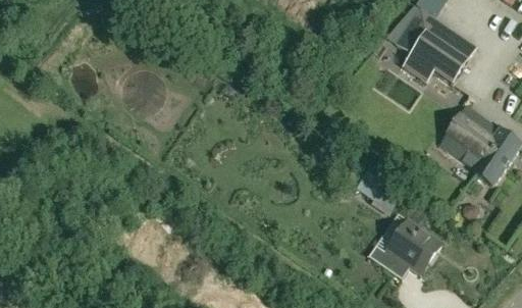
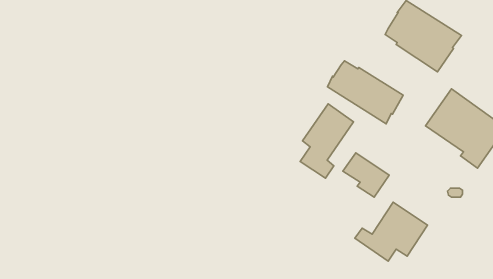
building: none -> [327,61,403,124]
building: none -> [300,104,354,178]

